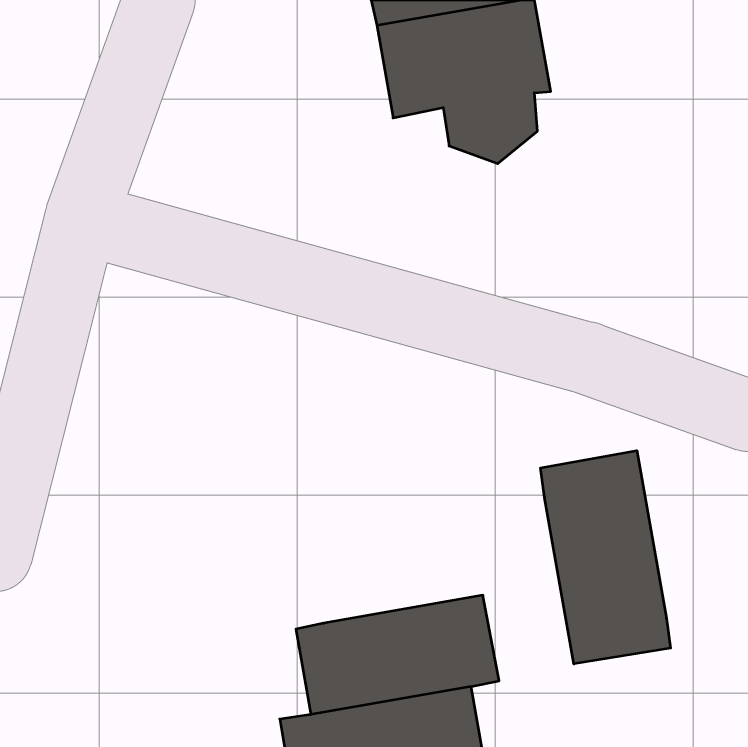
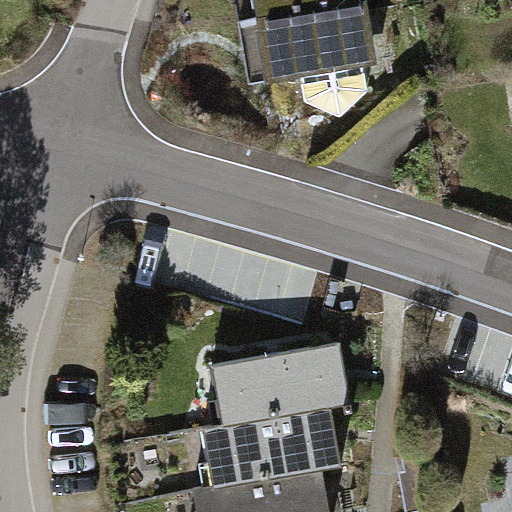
building: [541,451,671,664] -> none
building: none -> [209,345,348,427]

